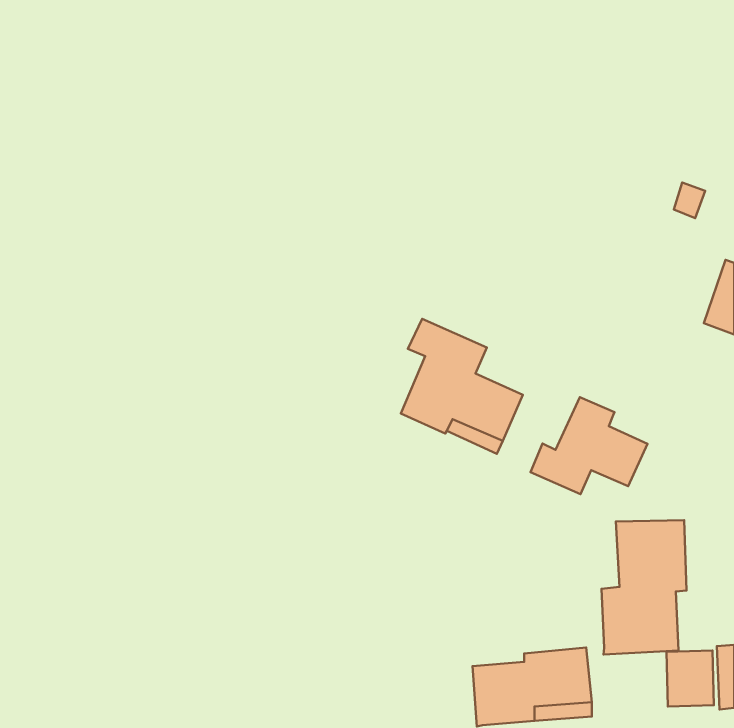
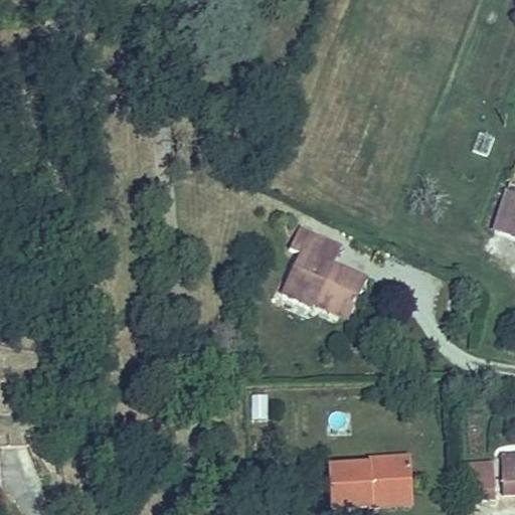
building: [530,397,647,494] -> none
building: [602,520,686,654] -> none

